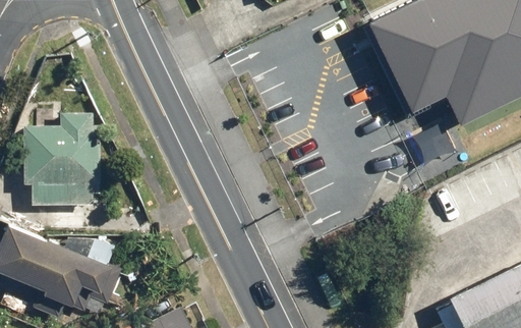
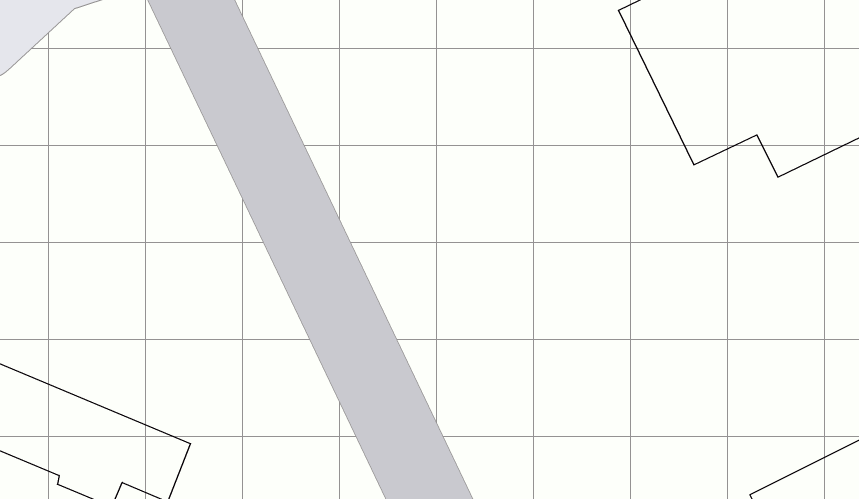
building: [23,114,100,230] -> none

